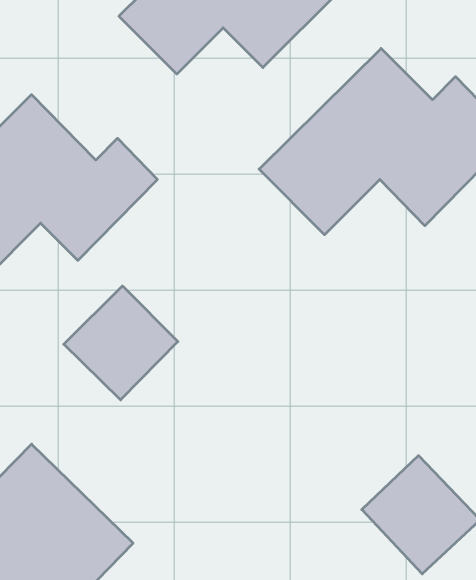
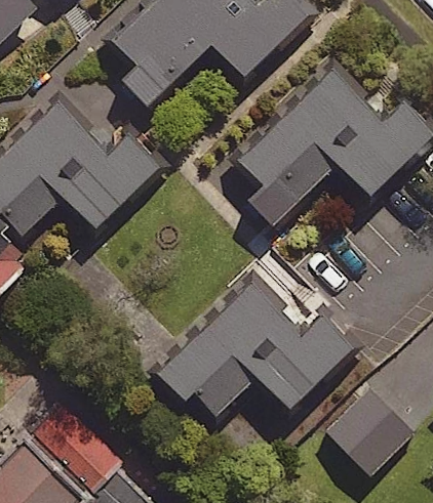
building: [64,286,178,400] -> none
building: none -> [155,270,345,411]

